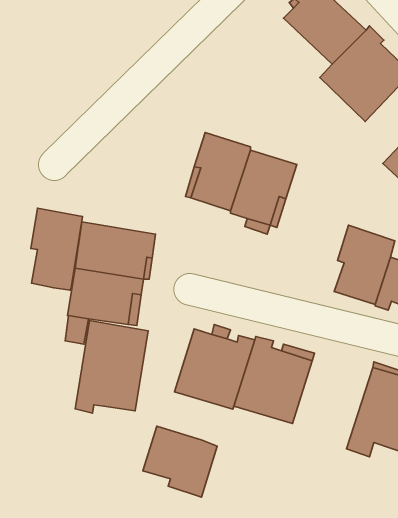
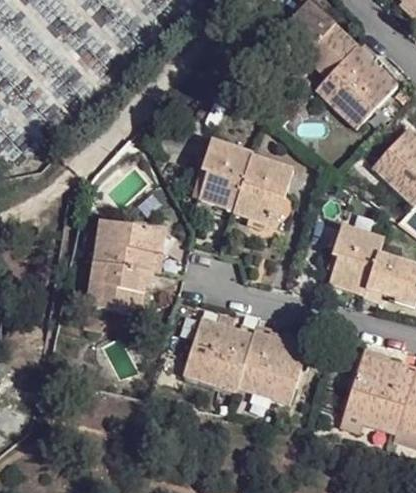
building: [31,208,83,290] -> none
building: [75,320,148,413] -> none
building: [143,426,217,497] -> none

